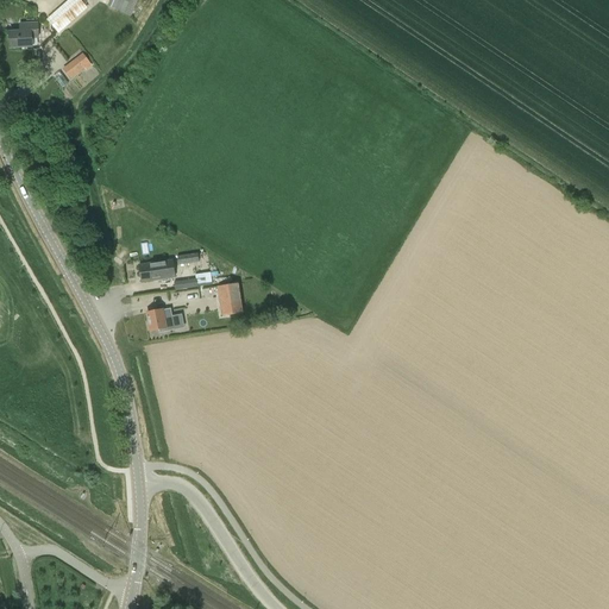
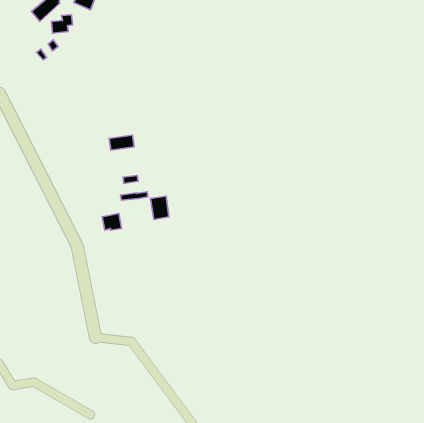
building: [7,20,37,46] -> [52,15,72,33]
building: [138,258,174,280] -> [109,135,134,150]

